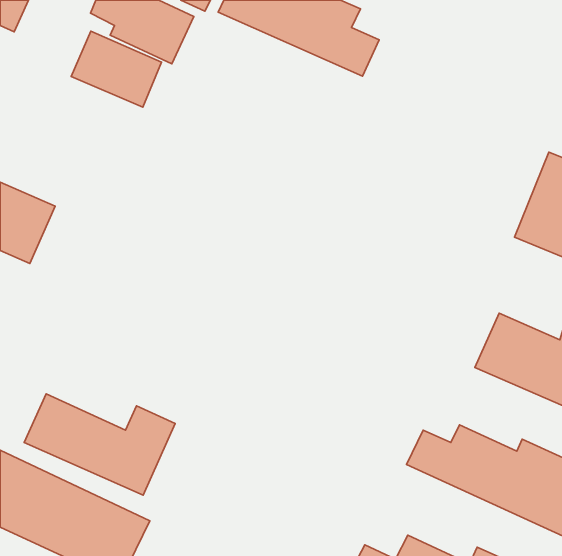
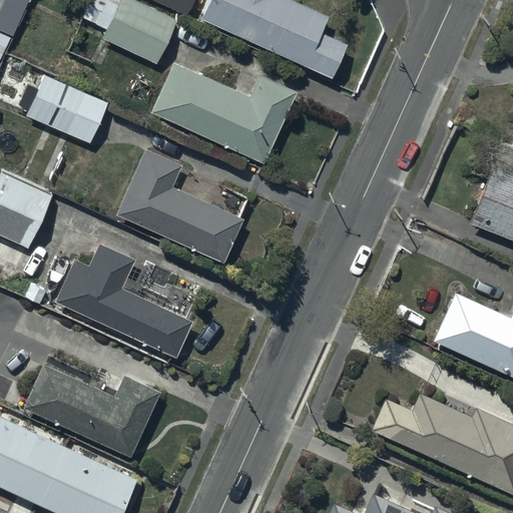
building: [71,31,161,107] -> [25,76,107,145]
building: none -> [151,62,296,162]
building: none -> [115,147,241,263]
building: none -> [54,244,193,357]

